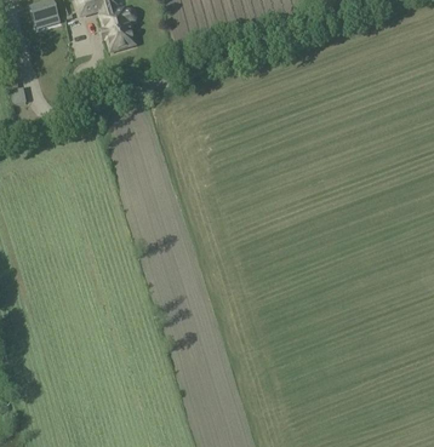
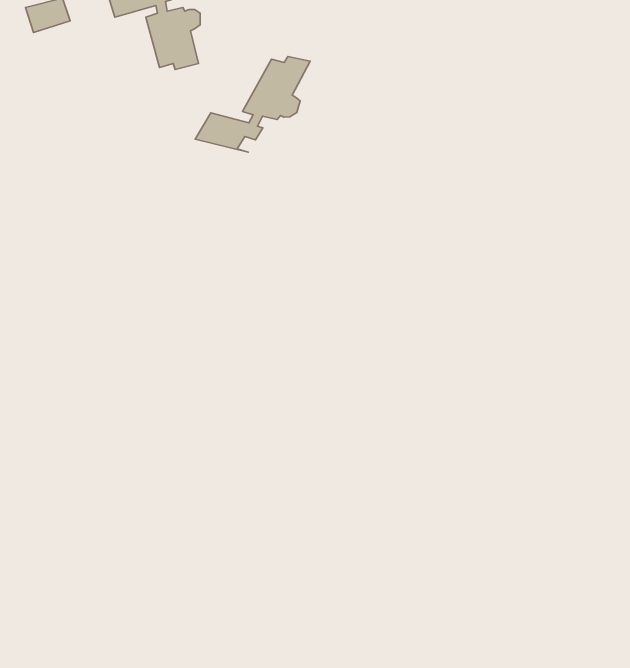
building: none -> [195,56,310,152]

